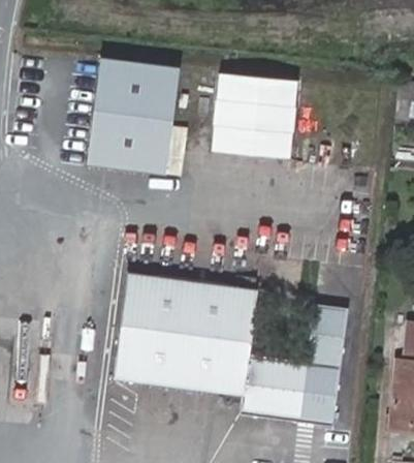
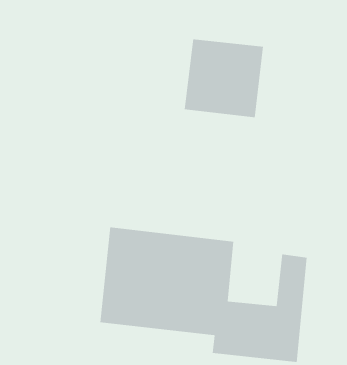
building: [86,57,178,175] -> none

